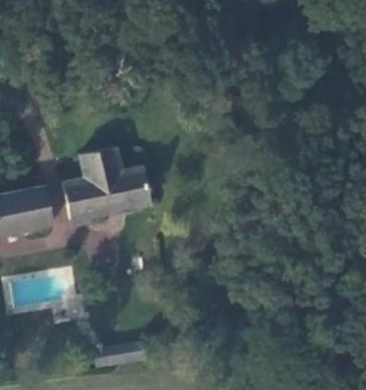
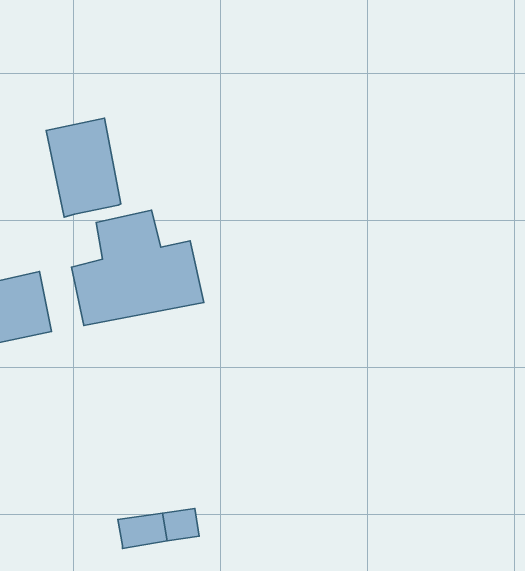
building: none -> [46,118,121,217]

